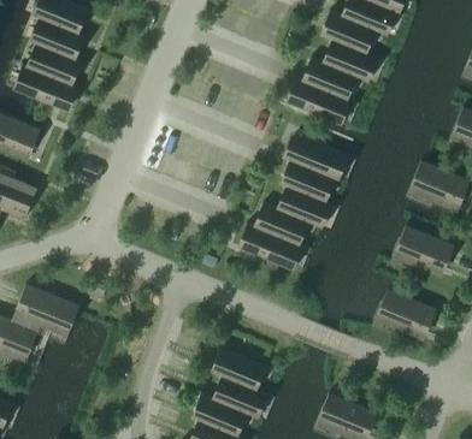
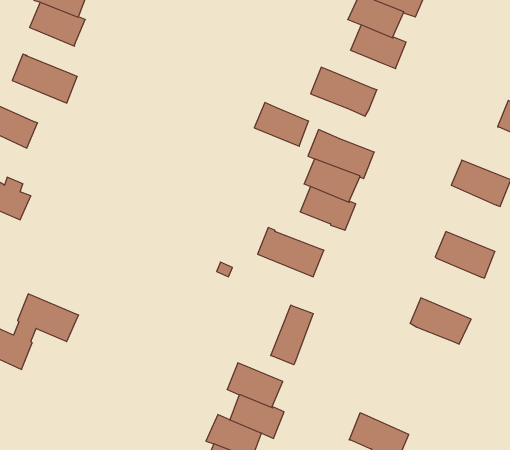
building: [28,47,78,87] -> none
building: [302,60,352,100] -> [254,102,309,146]
building: [254,206,305,245] -> none
building: none -> [271,305,313,365]

